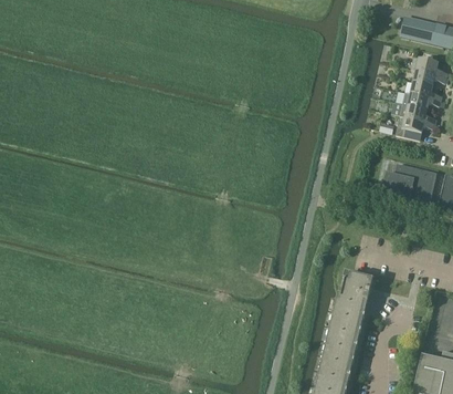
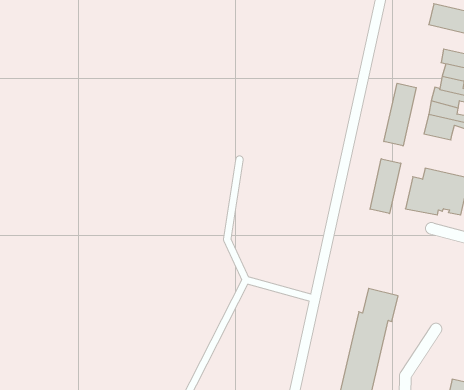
building: none -> [384,83,416,146]
building: none -> [370,159,401,214]

